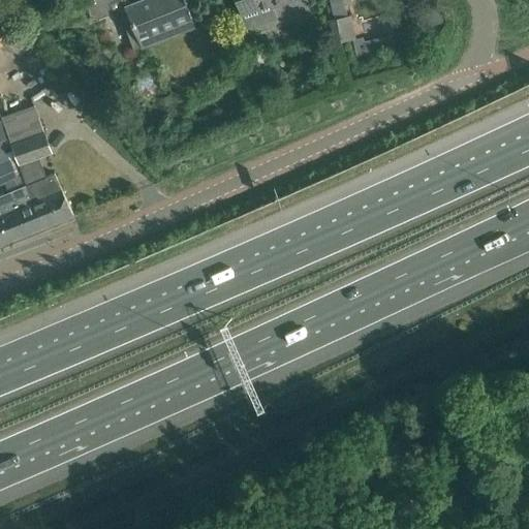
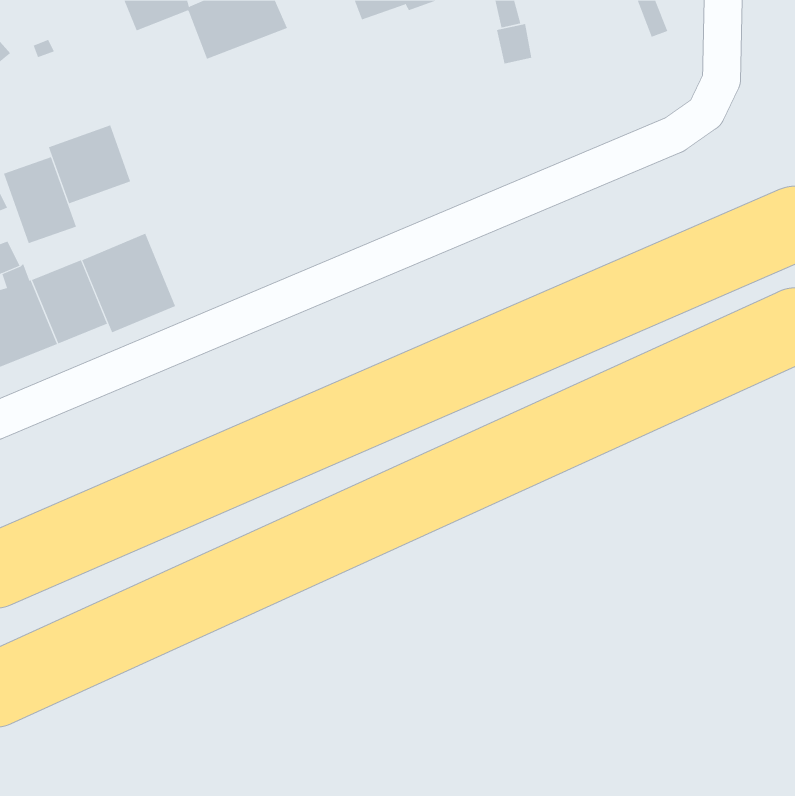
building: none -> [48,124,131,204]
building: none -> [81,233,176,333]

